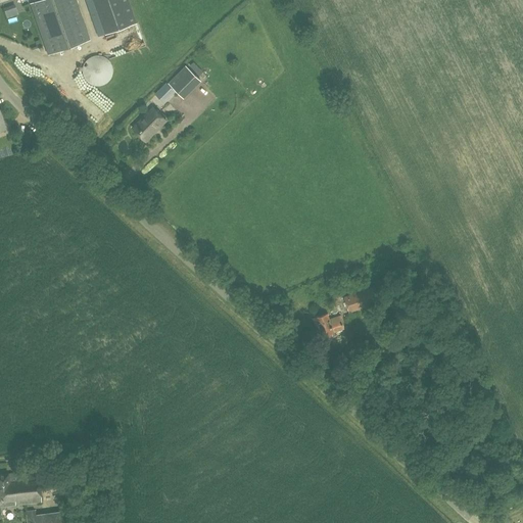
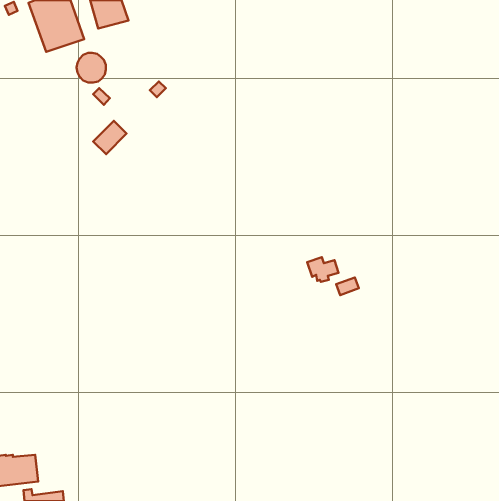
building: [168,65,199,97] -> none
building: [131,106,165,141] -> [93,121,127,154]
building: [311,313,343,338] -> [307,257,339,282]

